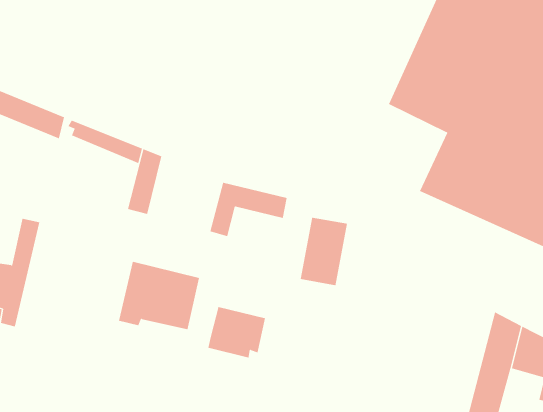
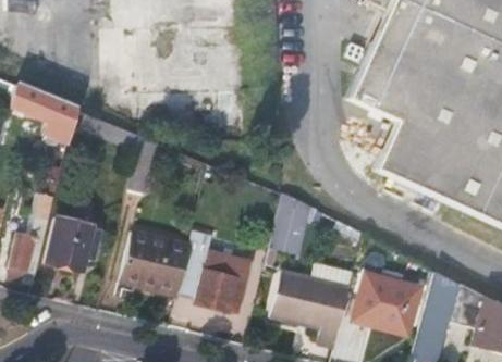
building: [210,182,287,237] -> [184,247,249,292]
building: none -> [46,221,103,274]
building: none -> [271,270,351,339]
building: none -> [356,274,419,334]

